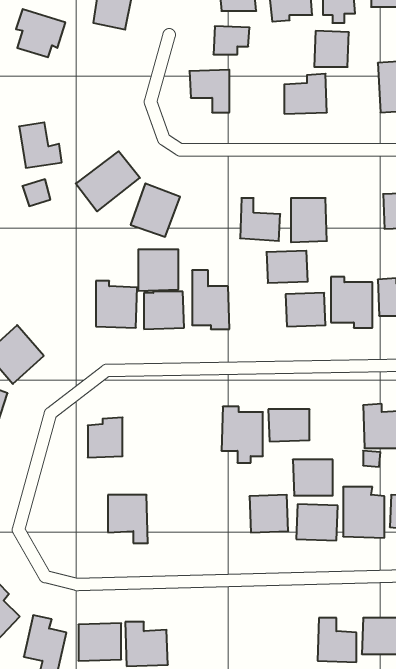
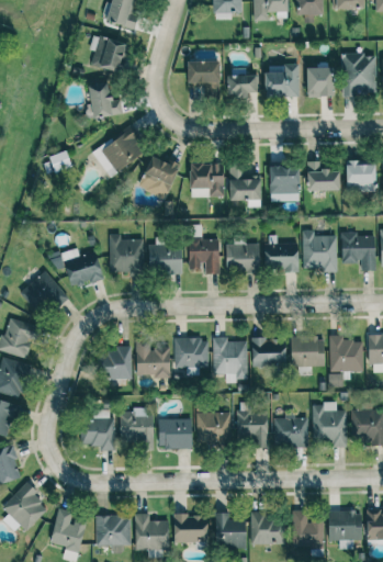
building: [16,9,65,57] -> [90,33,131,72]
building: [213,26,250,54] -> [227,75,257,98]
building: [314,31,349,67] -> [306,67,335,97]
building: [19,122,62,168] -> [88,81,123,119]
building: none -> [307,161,339,190]
building: [138,249,178,291] -> [191,164,224,198]
building: [266,251,308,283] -> [226,244,260,270]
building: none -> [60,248,105,289]
building: none -> [174,338,209,368]
building: none -> [136,344,170,376]
building: [293,460,333,496] -> [291,337,324,367]
building: none -> [85,409,113,448]
building: none -> [196,412,230,441]
building: none -> [158,418,192,448]
building: none -> [250,512,281,543]
building: none -> [215,513,246,548]
building: none -> [173,515,207,542]

